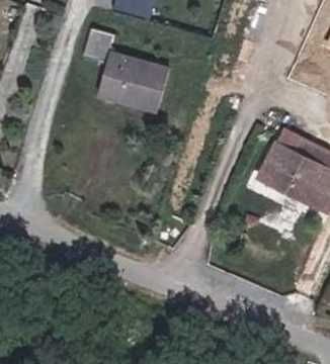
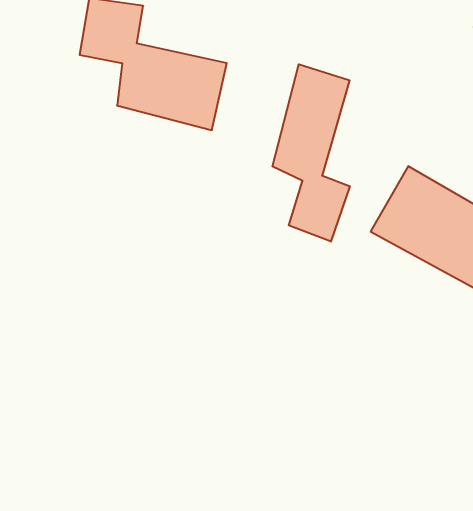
building: none -> [272,64,350,242]

